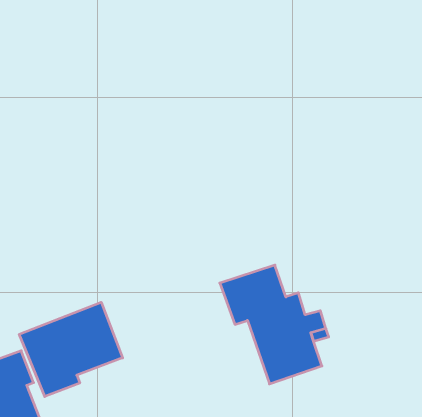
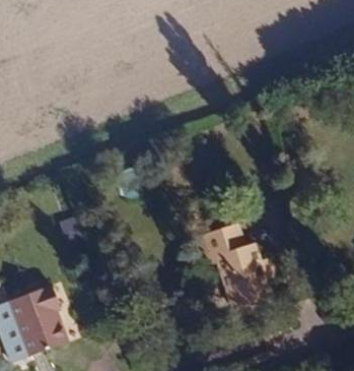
building: [19,302,123,397] -> none

